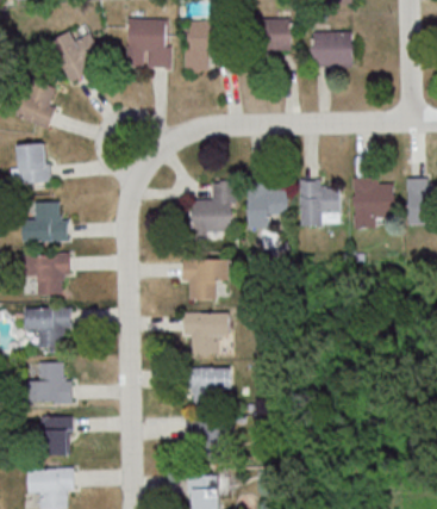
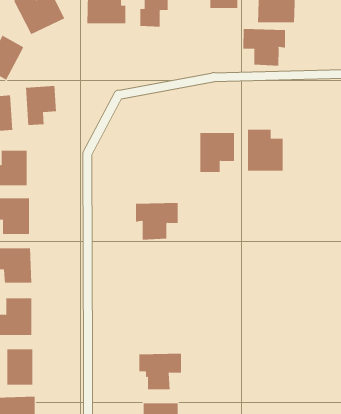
building: none -> [243,28,286,66]
building: none -> [25,85,57,126]
building: [354,179,393,226] -> none
building: [192,181,235,234] -> none
building: [182,314,229,353] -> none
building: [181,367,227,408] -> none

